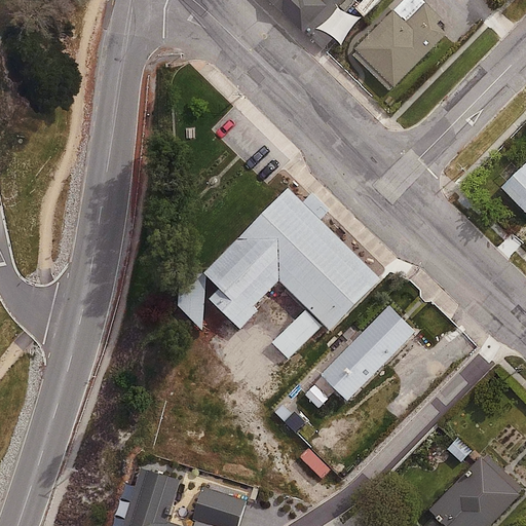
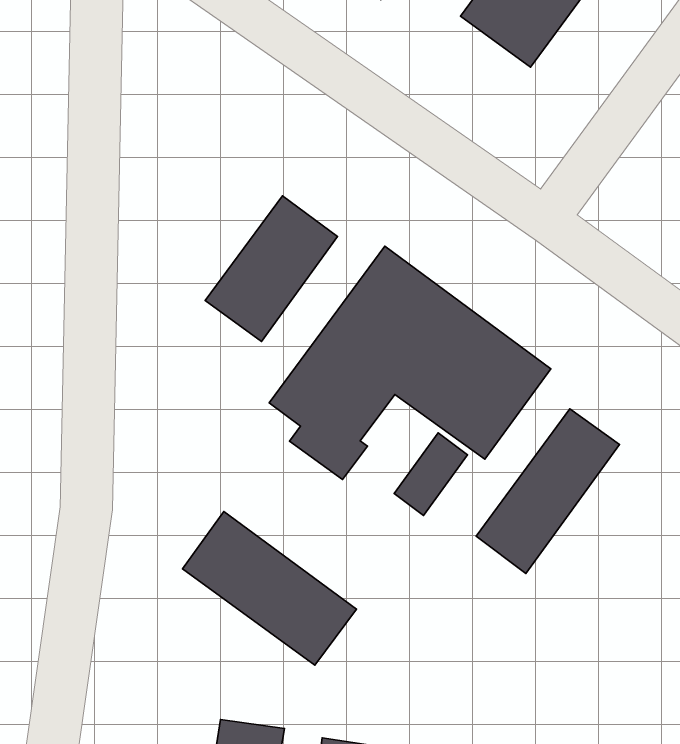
building: none -> [205,196,338,341]
building: none -> [183,511,356,665]

